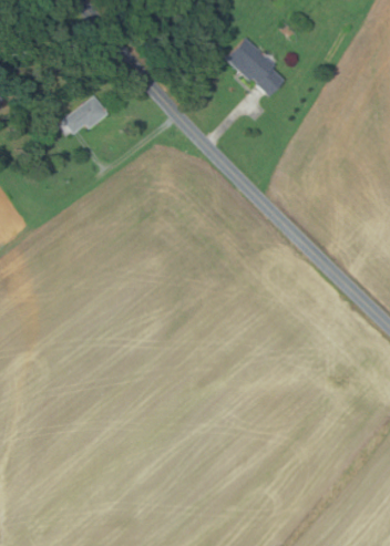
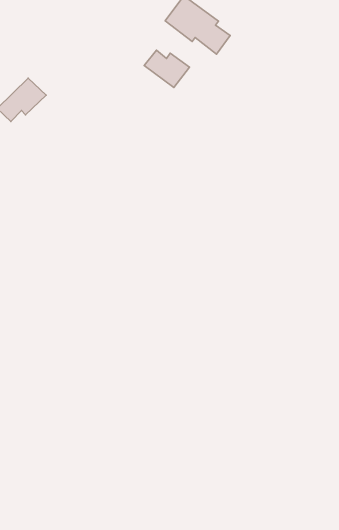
building: none -> [144,50,190,87]

